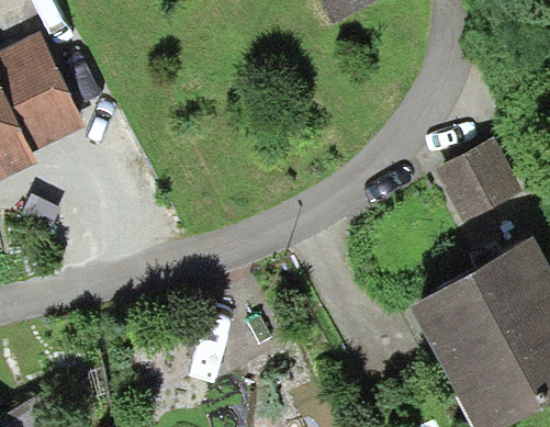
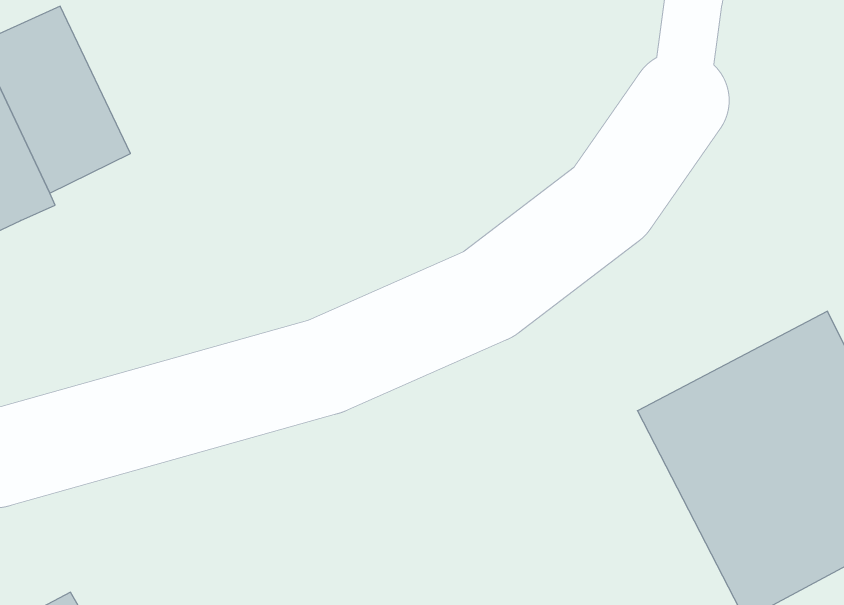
building: [434,143,523,228] -> none

